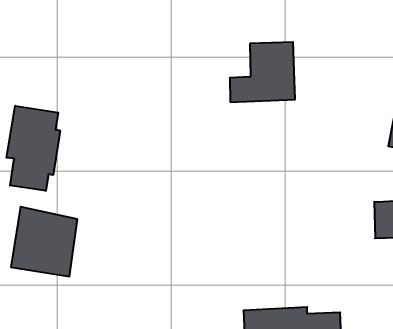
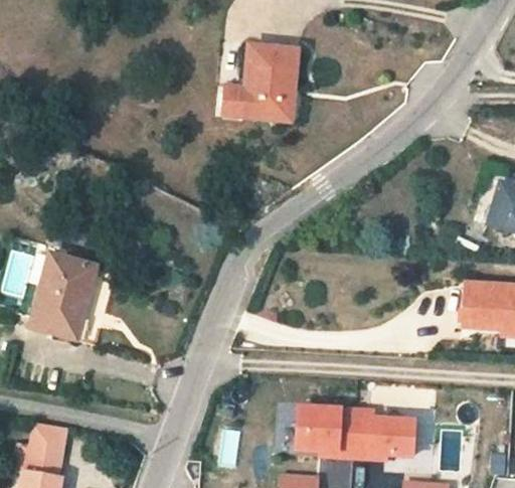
building: [230,42,295,102] -> [218,50,301,123]
building: [7,106,60,191] -> none

